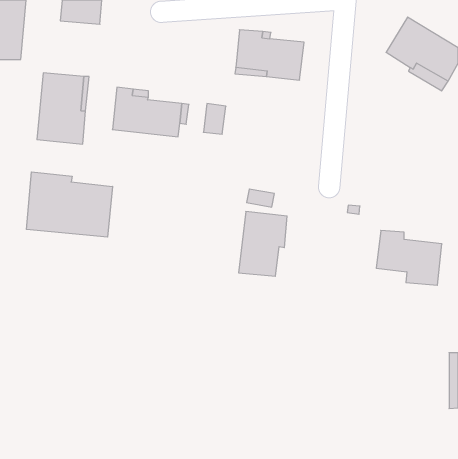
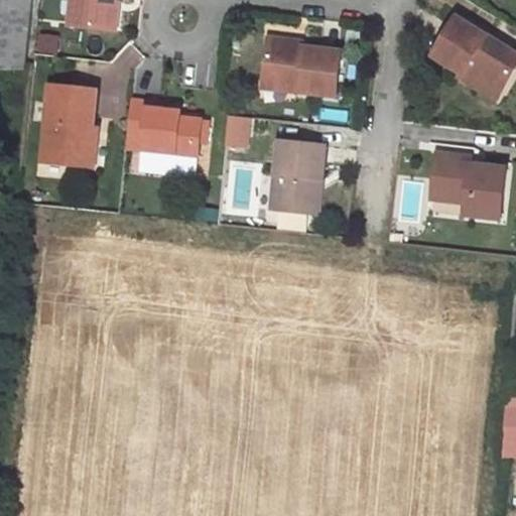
building: [26,172,113,237] -> none
building: [239,212,287,276] -> [271,138,326,211]
building: [376,230,442,285] -> [432,154,506,216]

